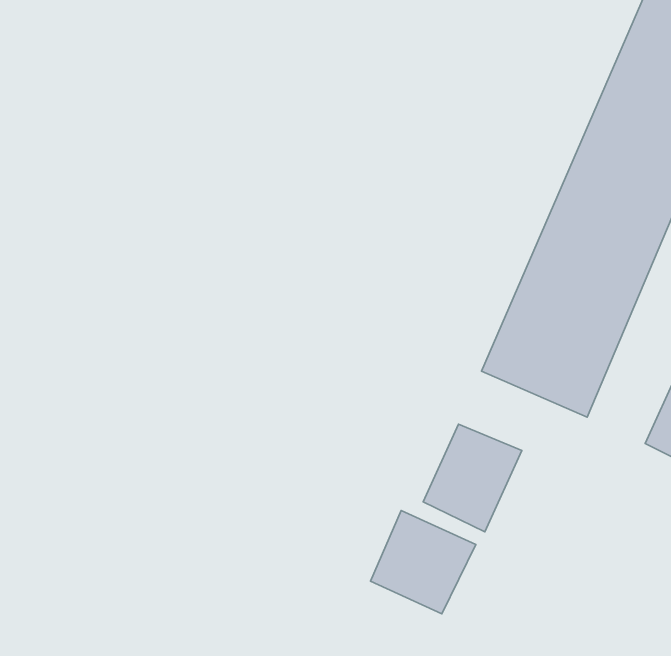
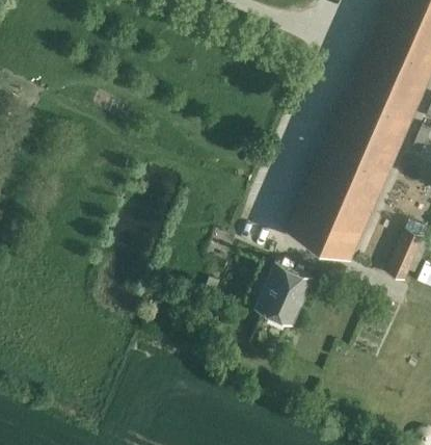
building: [370,510,476,614] -> none

